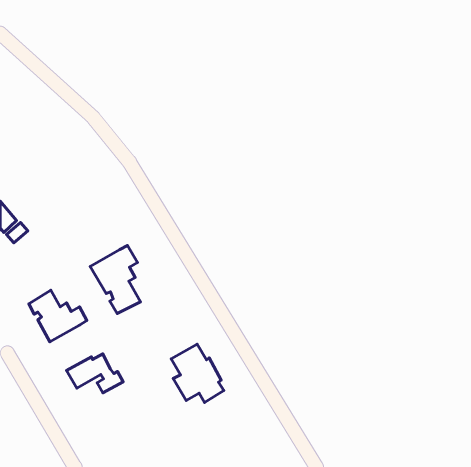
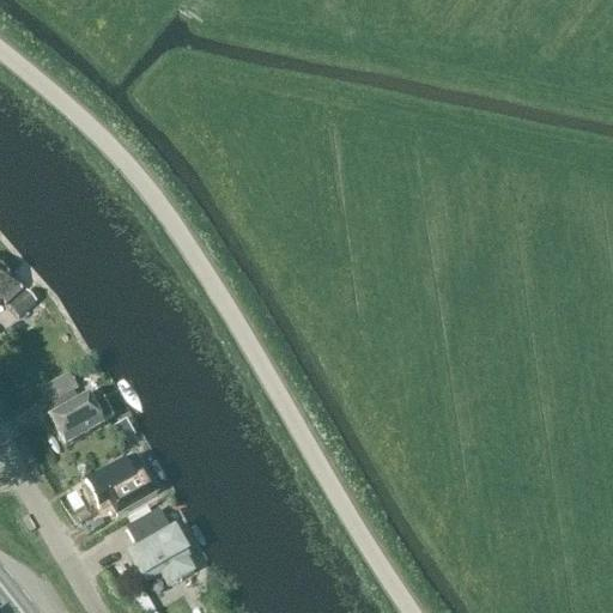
building: [90,246,141,314] -> none
building: [171,344,224,402] -> [127,506,195,582]

